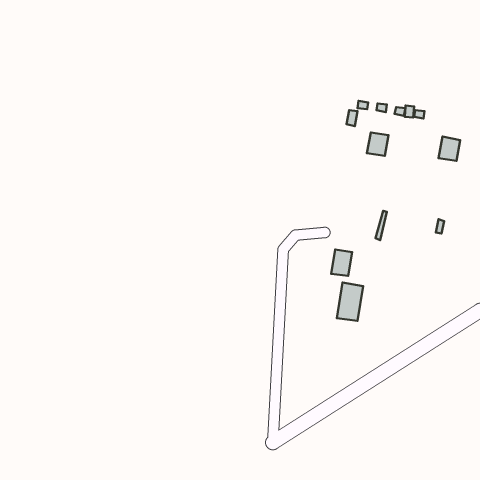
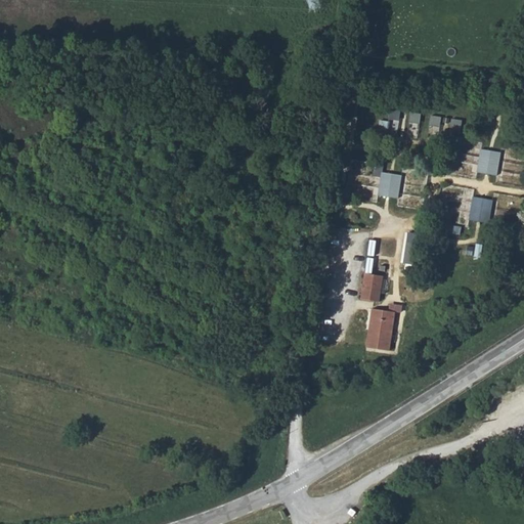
building: [367,132,389,156] -> [378,172,401,198]
building: none -> [471,194,490,222]

